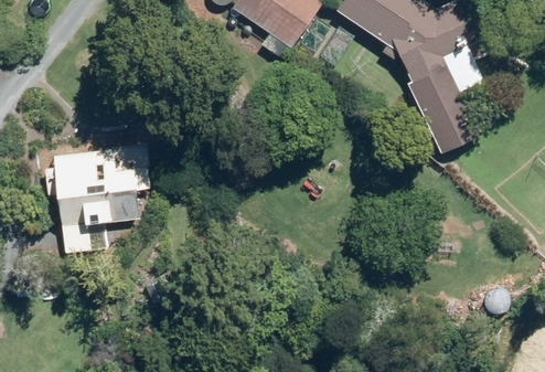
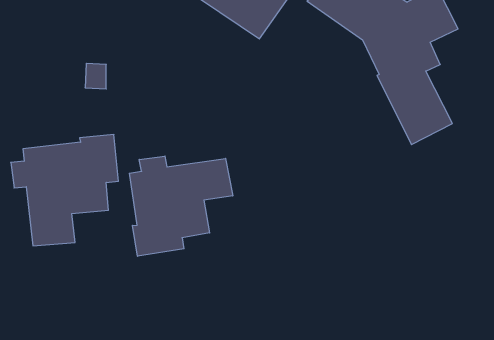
building: none -> [129,156,233,256]

